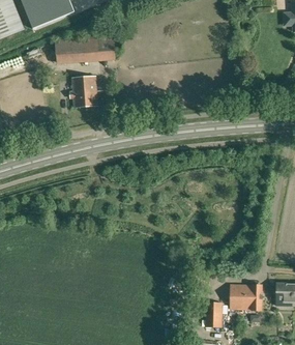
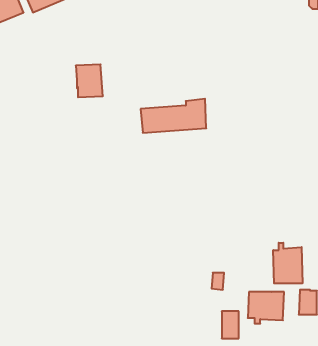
building: [54,30,114,61] -> [141,99,206,133]
building: none -> [273,243,302,283]

